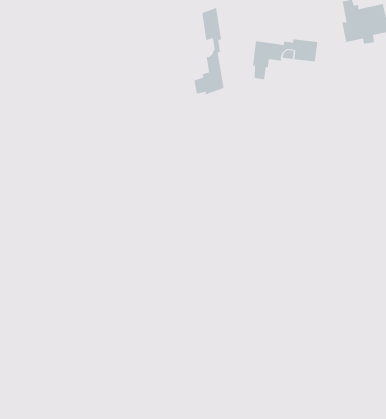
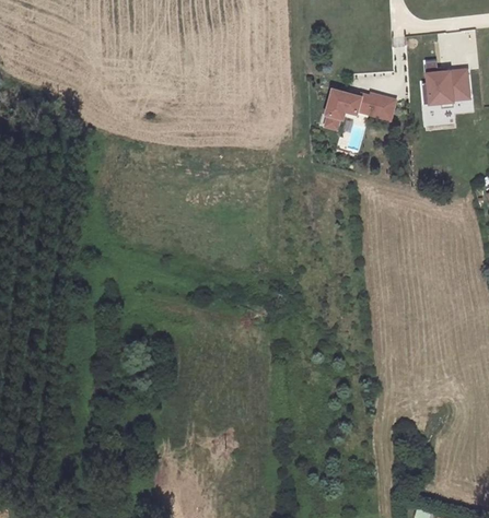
building: [194,7,224,95] -> none

